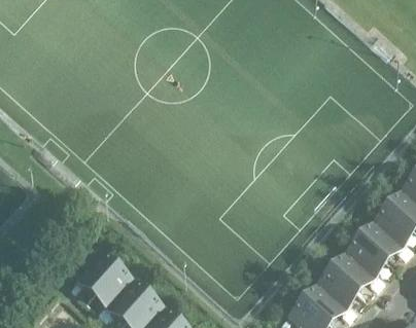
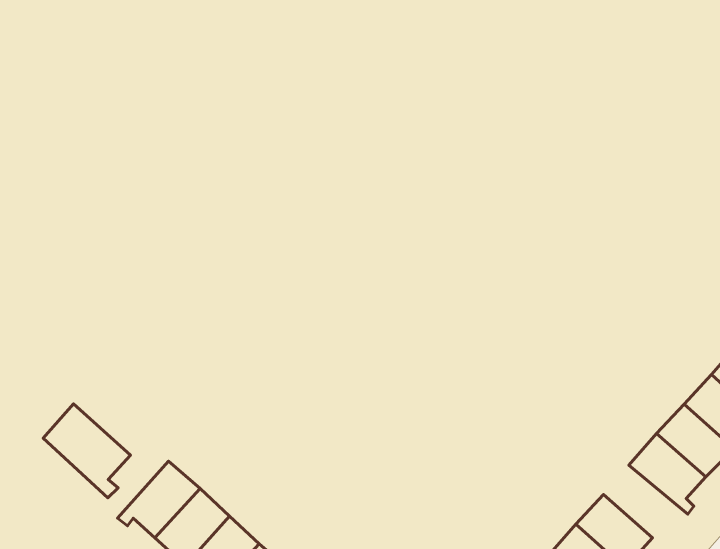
building: none -> [43,404,130,498]
building: [328,252,373,290] -> none

